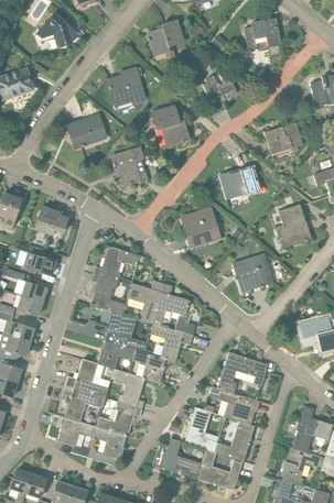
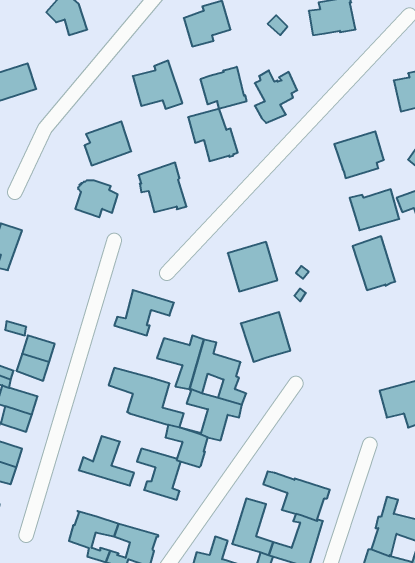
building: none -> [201,67,246,109]
building: [218,167,257,199] -> [350,189,399,230]
building: [34,208,67,237] -> [75,180,118,217]
building: [15,242,54,275] -> none
building: [234,253,272,292] -> [241,312,290,362]
building: [90,273,125,314] -> none
building: [97,341,134,369] -> none
building: [217,352,267,393] -> none
building: [62,385,105,422] -> none
building: [96,401,141,436] -> none

